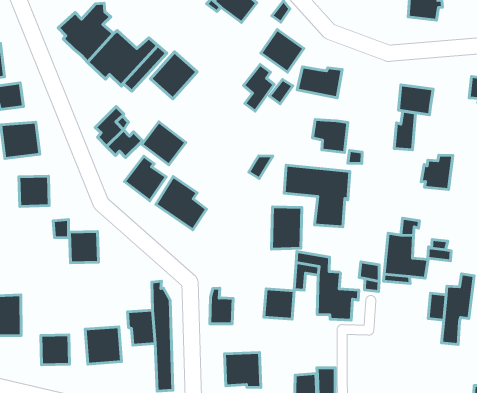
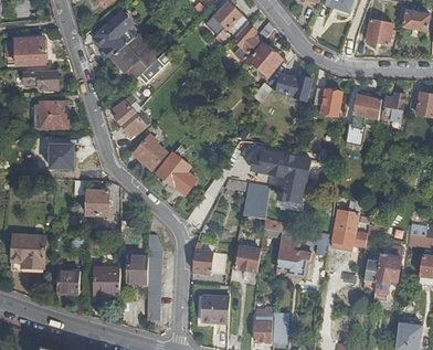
building: [150,52,197,99] -> none
building: [243,65,274,111] -> [233,24,257,61]
building: [312,120,348,152] -> [313,88,341,116]
building: [142,122,186,165] -> none
building: [421,155,453,189] -> [378,93,404,120]

